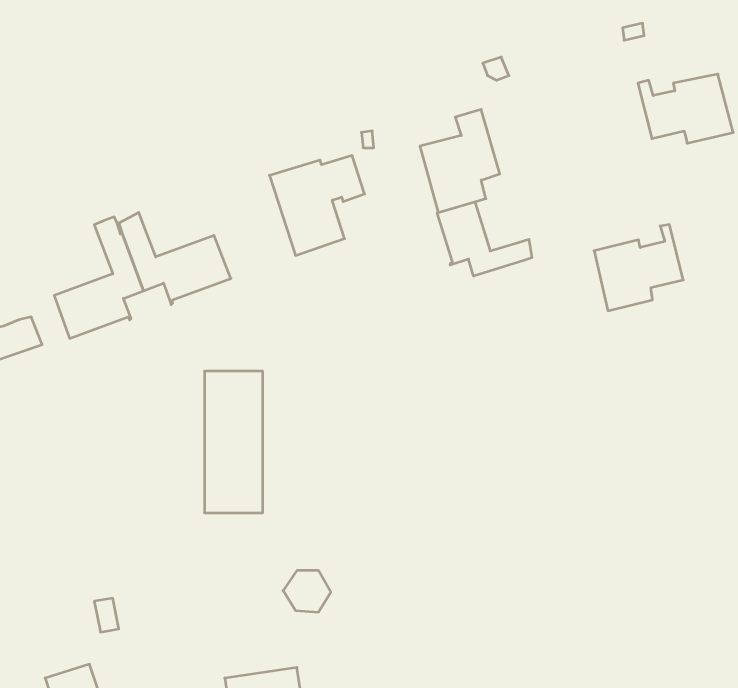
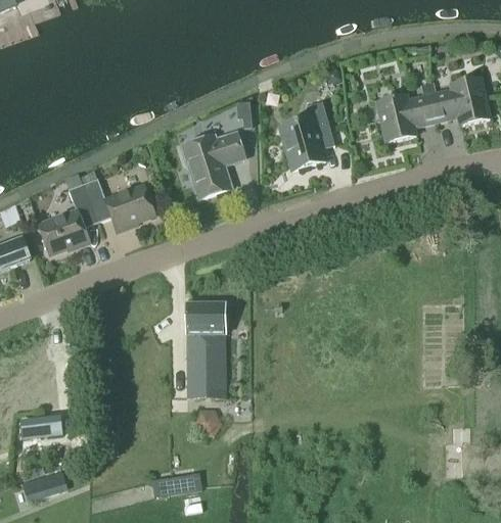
building: [437,202,532,276] -> none
building: [594,225,683,311] -> [376,84,436,141]
building: [204,371,263,513] -> [186,302,225,396]
building: none -> [20,417,62,437]

